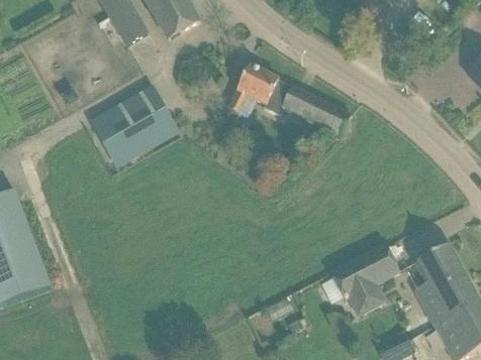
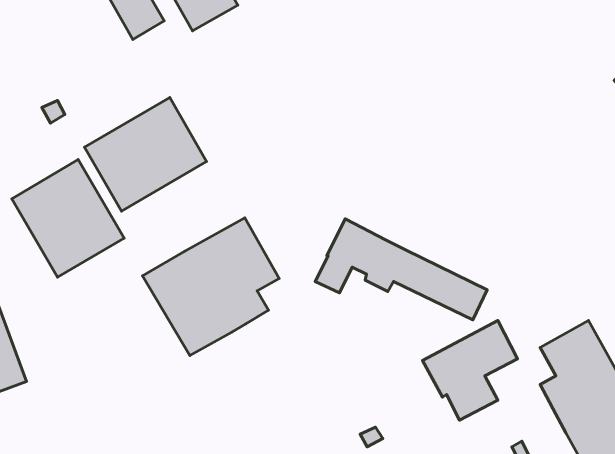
building: [227,63,350,134] -> [315,219,487,320]
building: none -> [12,160,124,277]
building: none -> [143,218,279,356]

